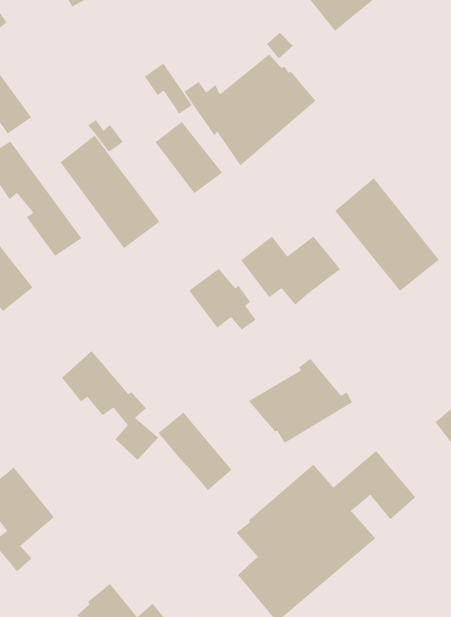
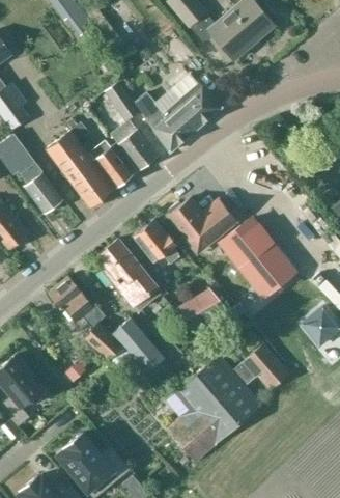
building: none -> [89,140,132,187]
building: [334,177,440,292] -> [221,219,292,297]
building: none -> [97,239,160,310]

